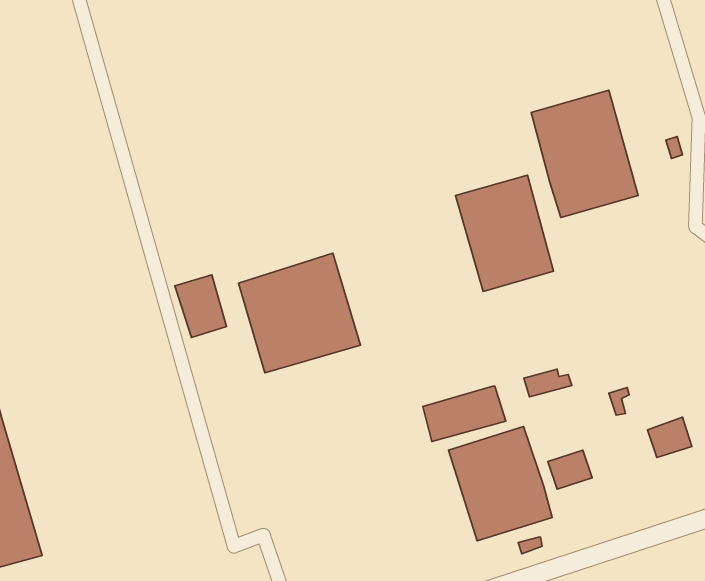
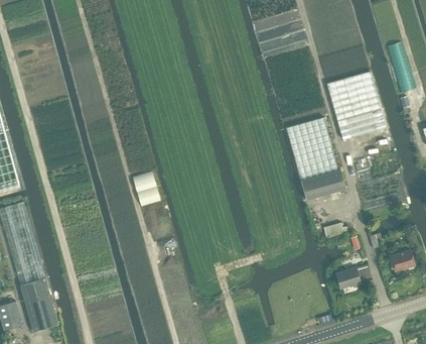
building: [238,253,360,373] -> none
building: [423,386,506,441] -> [300,169,345,200]
building: [448,427,552,541] -> none

